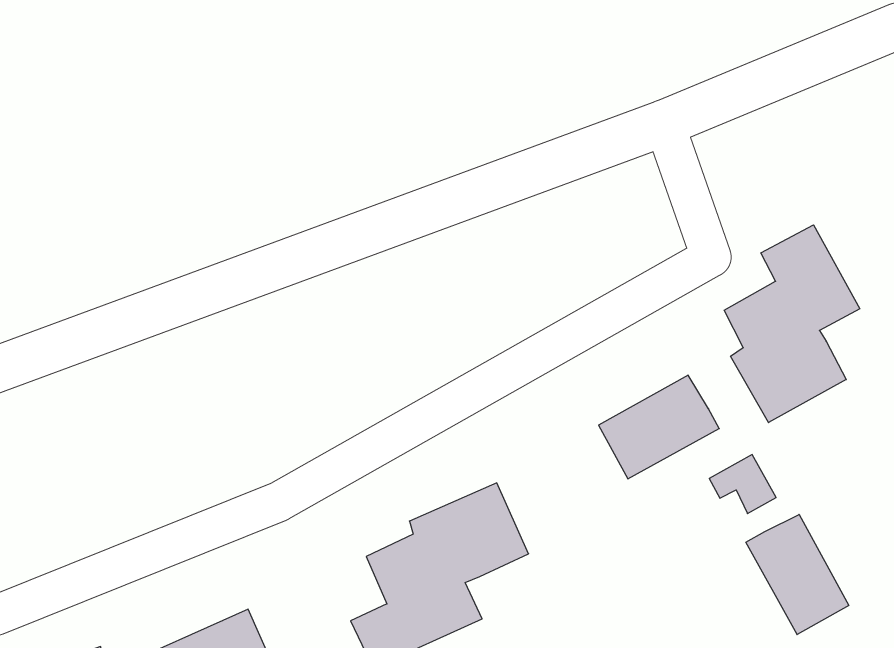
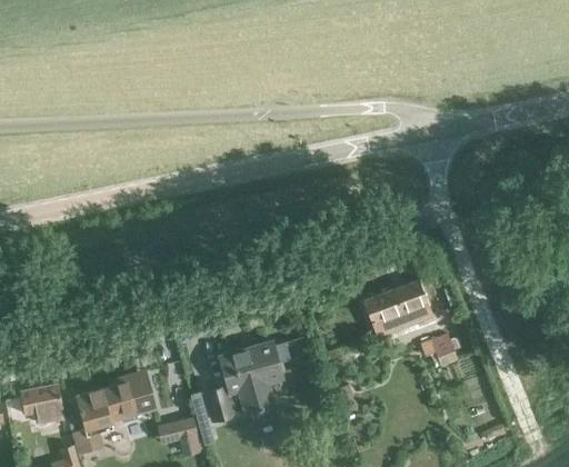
building: [724,225,860,423] -> none
building: [746,514,849,635] -> none

